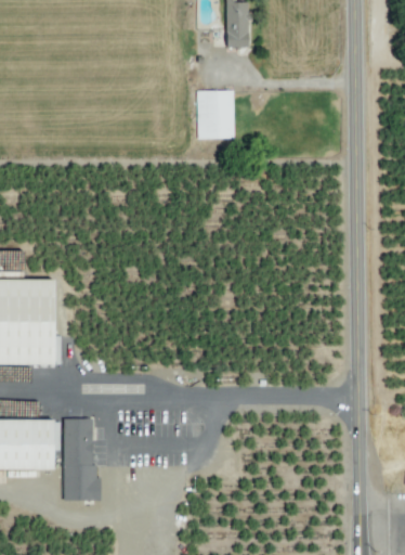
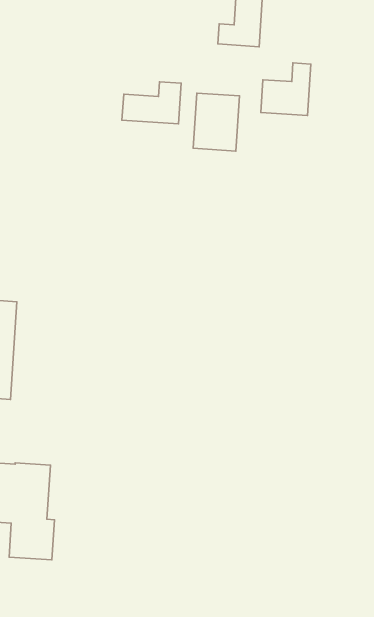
building: none -> [261,63,311,116]
building: none -> [122,82,181,124]

